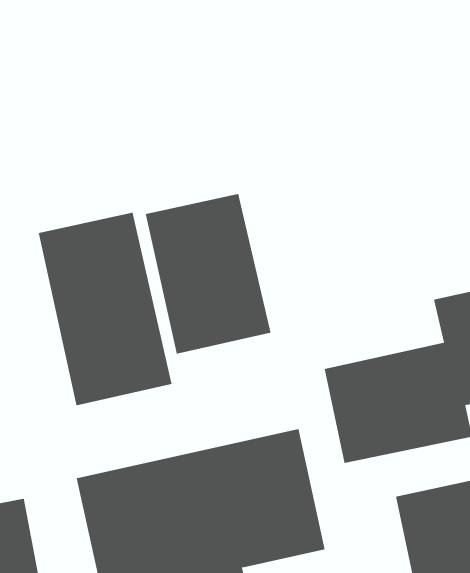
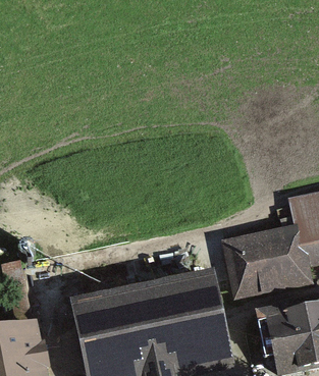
building: [145,193,271,355] -> none
building: [38,212,172,406] -> none

